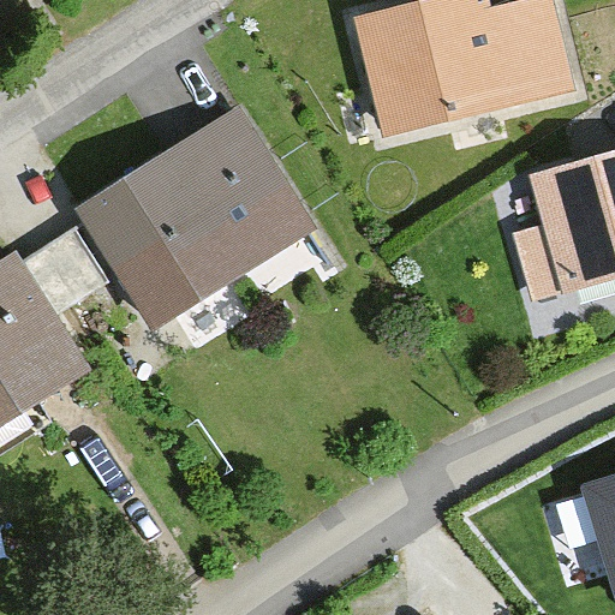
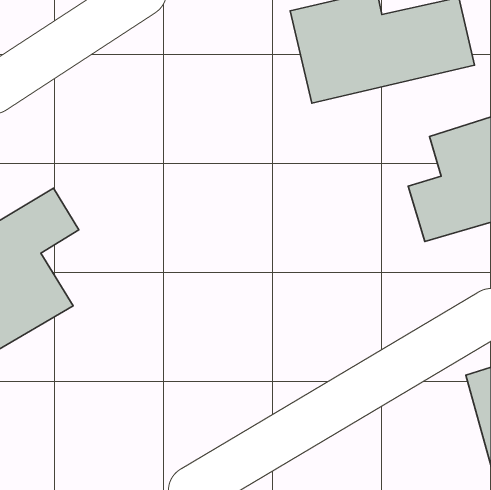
building: [80,111,315,332] -> none

